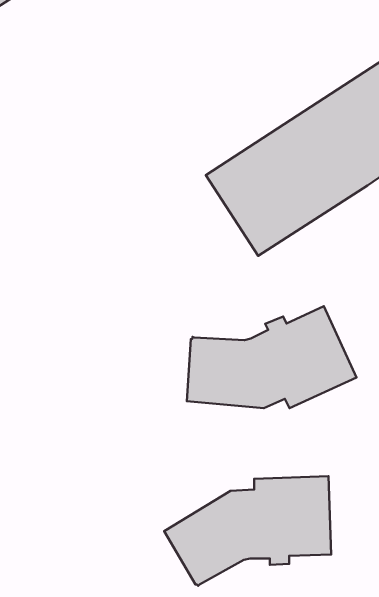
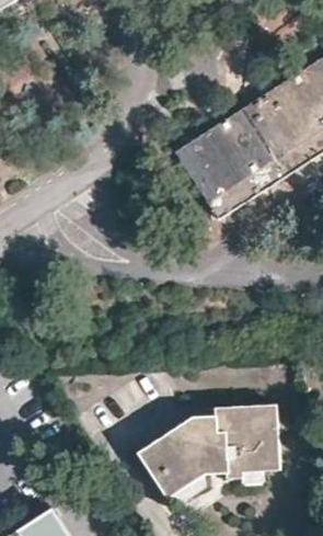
building: [187,306,356,408] -> none

